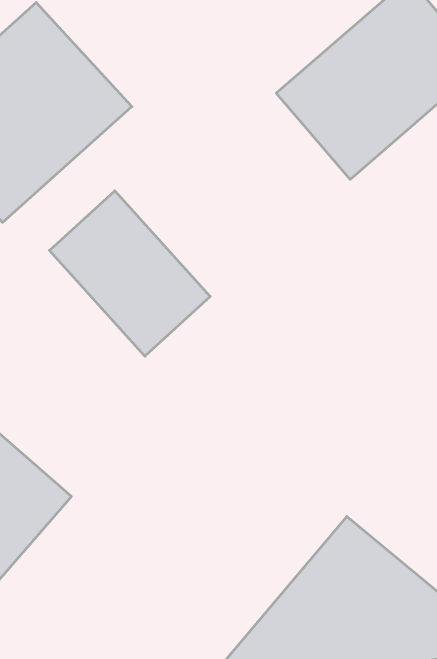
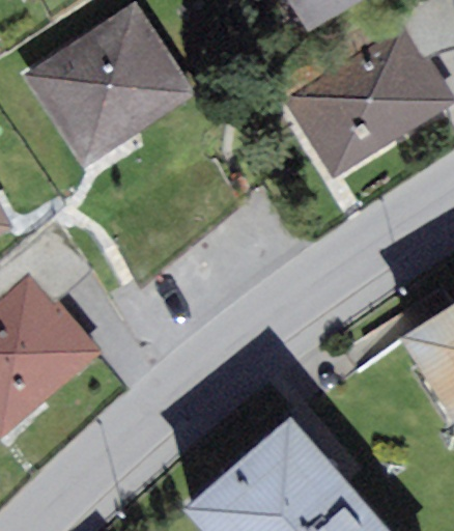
building: [49,191,210,356] -> none

